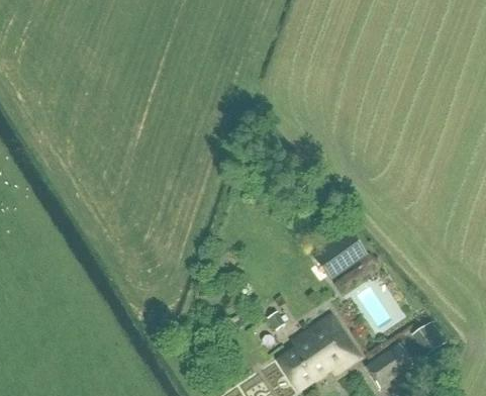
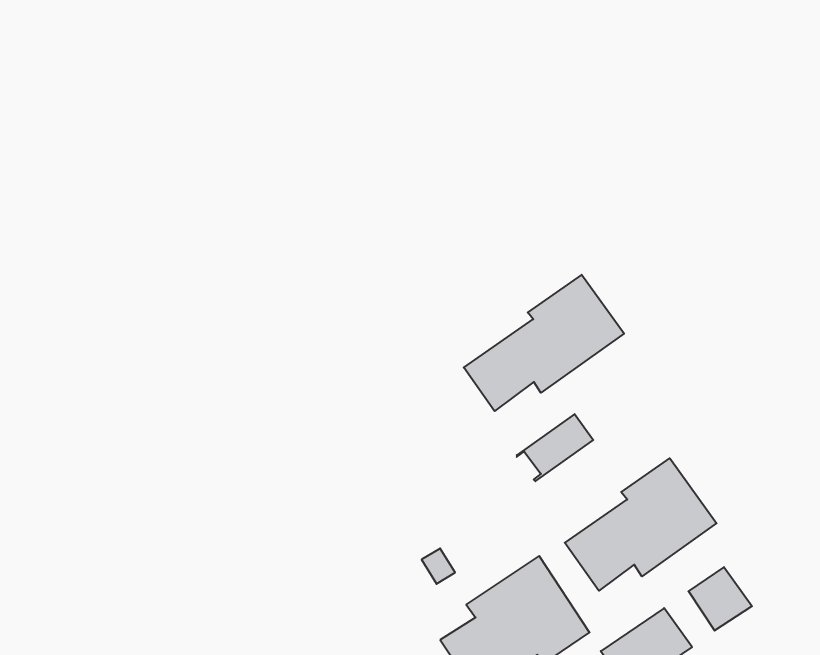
building: none -> [464,275,624,411]
building: none -> [565,458,717,591]

